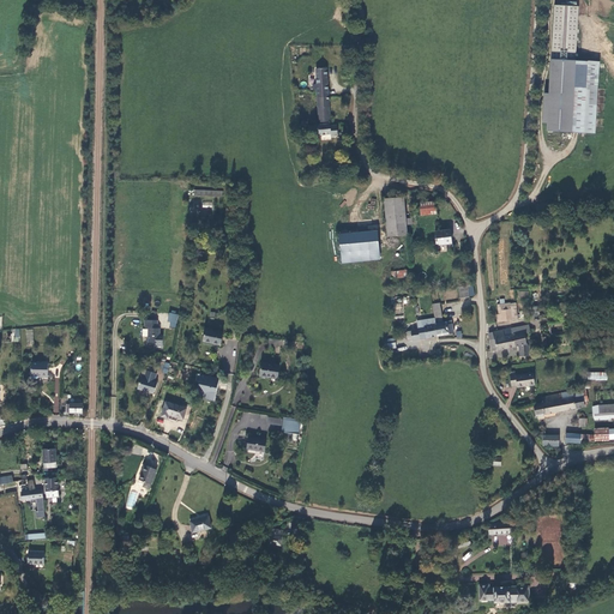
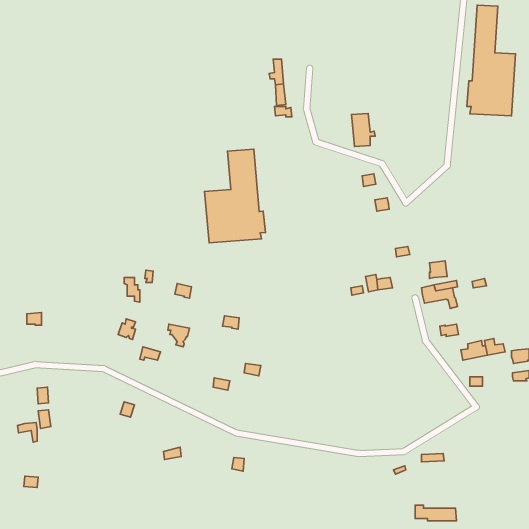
building: none -> [205,149,266,243]
building: [384,198,411,236] -> [351,113,375,147]
building: [341,231,380,263] -> none

